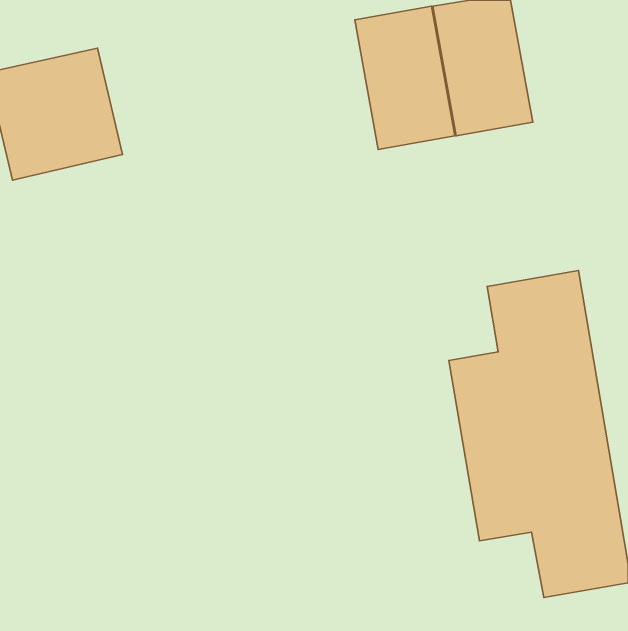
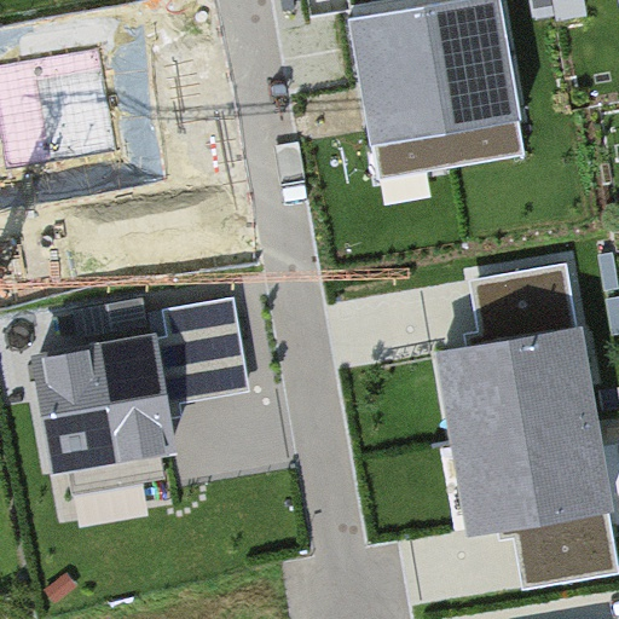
building: none -> [164,301,248,395]
building: none -> [35,341,170,468]

